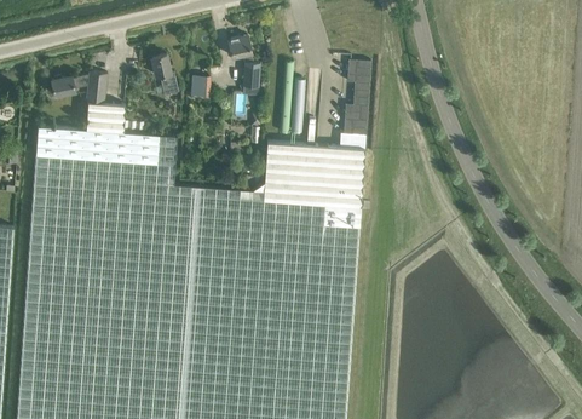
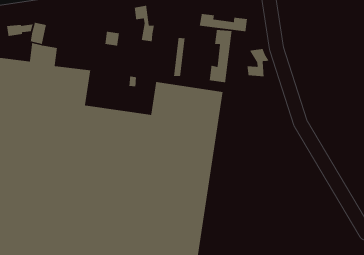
building: none -> [199,13,248,32]
building: [151,53,178,93] -> none
building: none -> [247,48,270,77]

